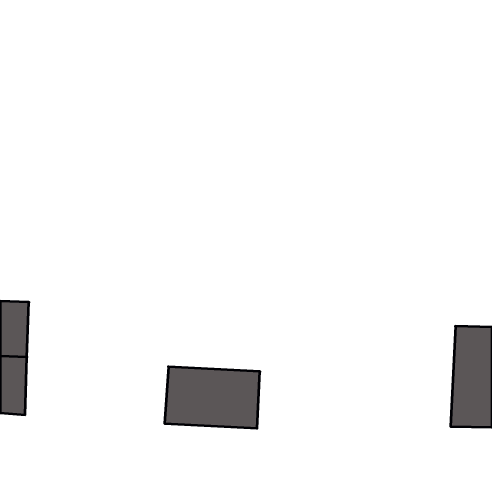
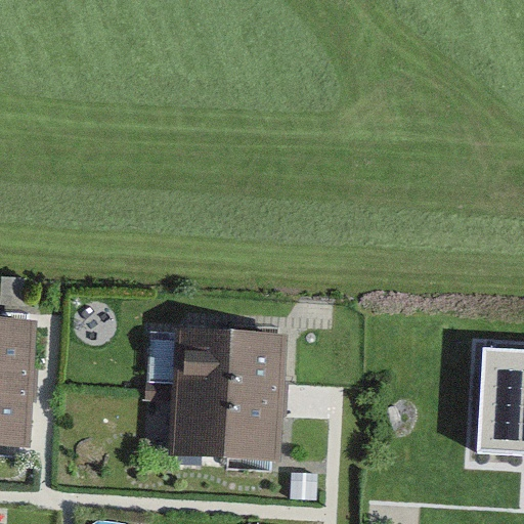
building: none -> [179,331,280,395]

